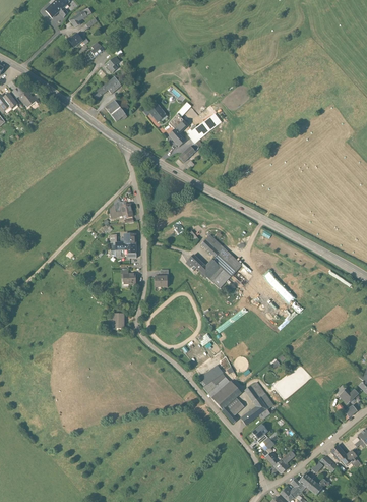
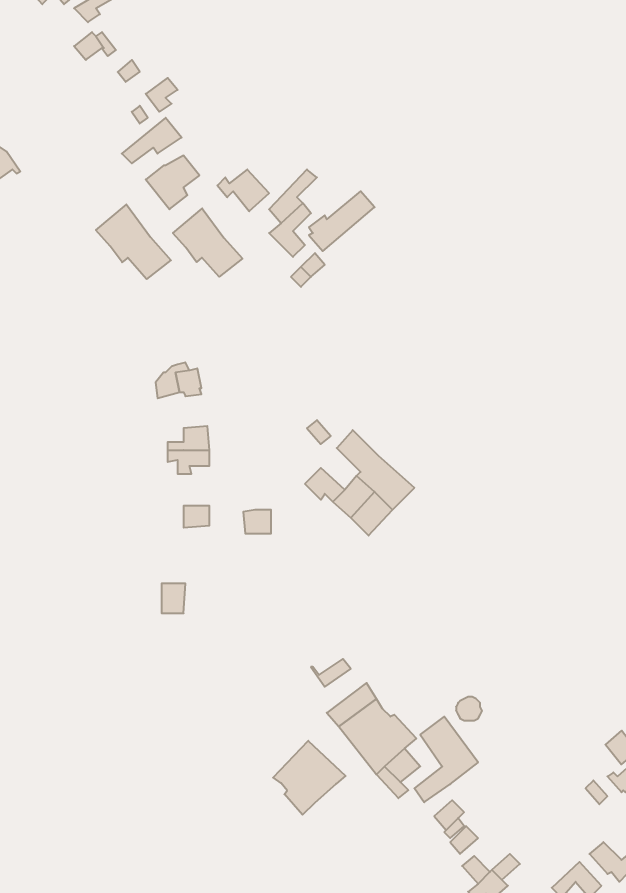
building: none -> [96,204,171,279]
building: none -> [173,208,242,277]
building: none -> [273,741,346,815]

